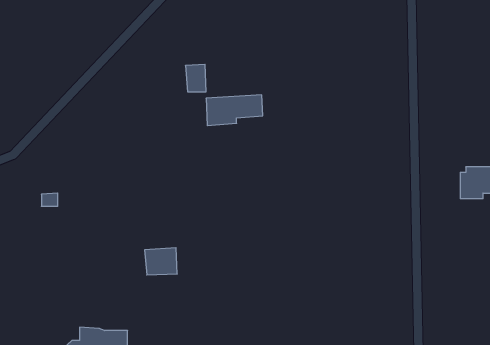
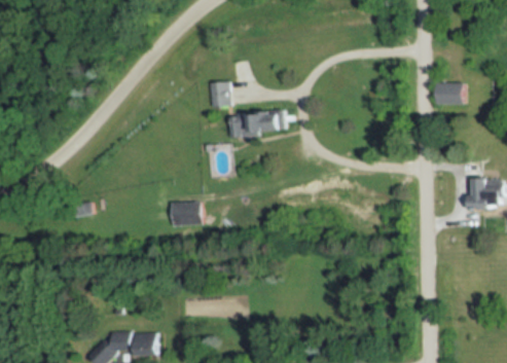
building: none -> [438,81,465,104]
building: [145,248,177,275] -> [171,199,202,225]

